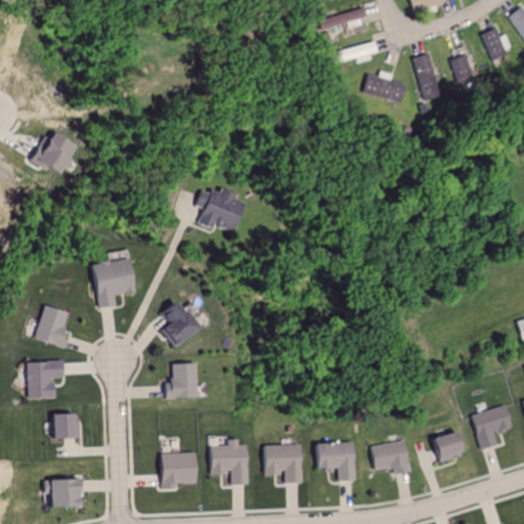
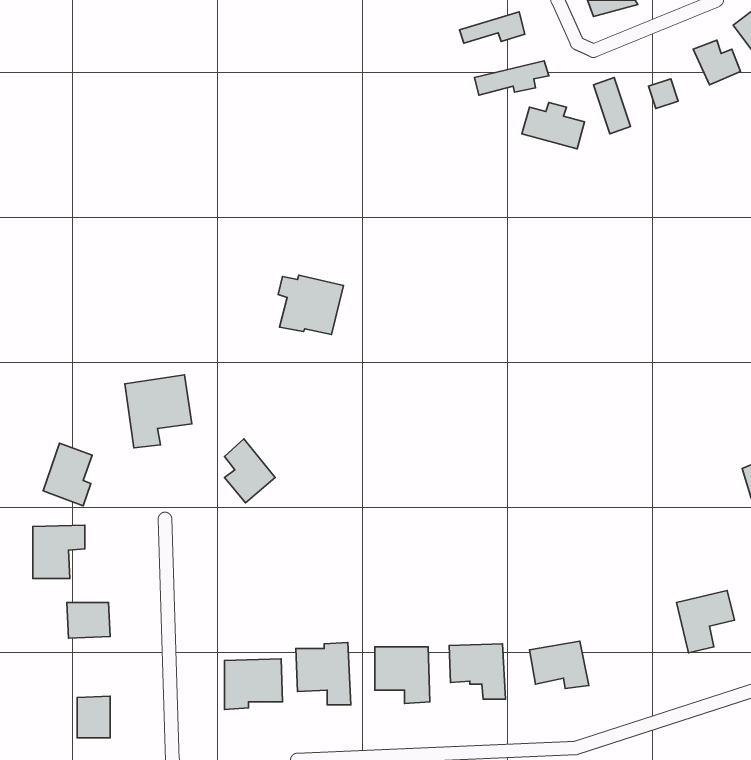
building: [33,132,76,173] -> none
building: [164,363,196,399] -> none
building: [430,430,467,463] -> none

